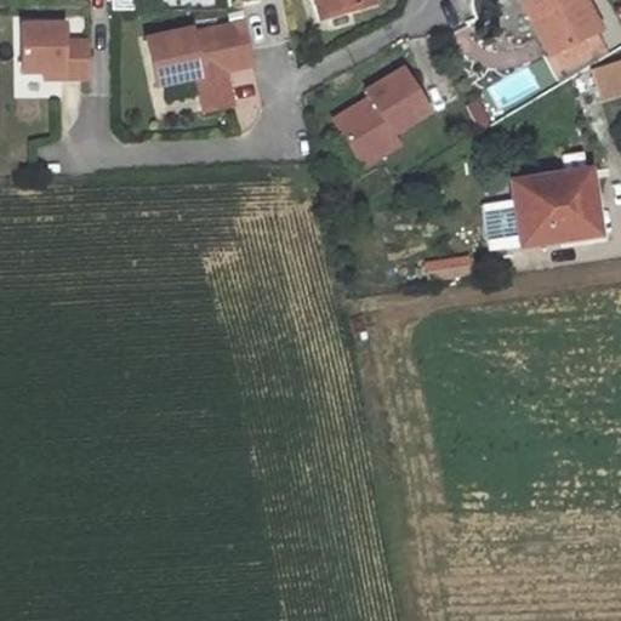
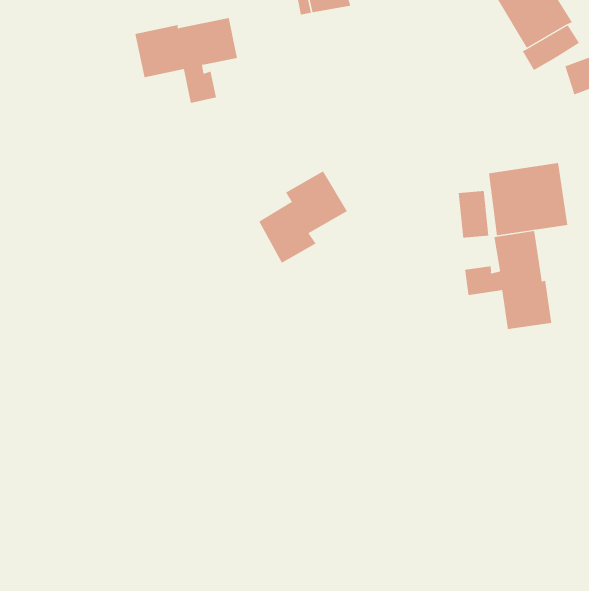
building: [25,22,93,78] -> none
building: [337,67,431,164] -> [258,170,348,263]
building: none -> [464,230,552,330]

